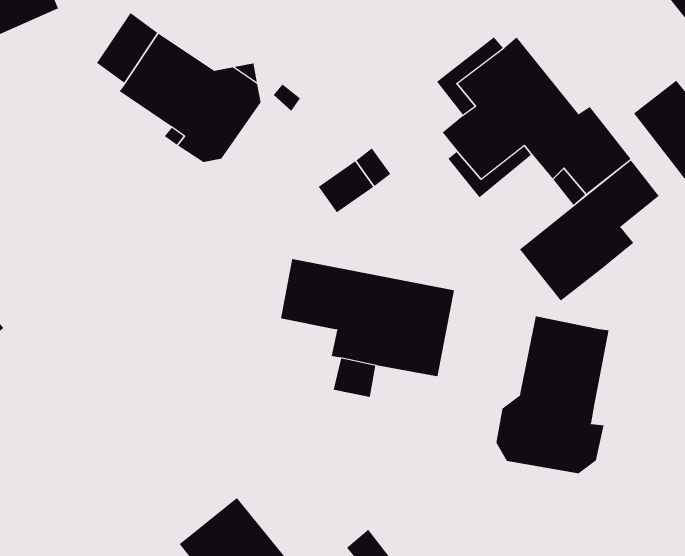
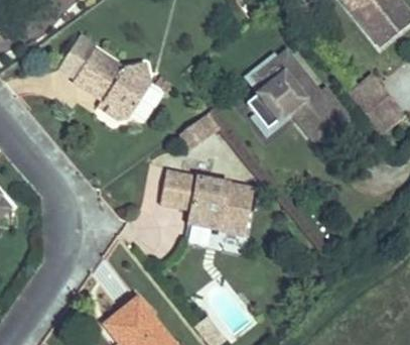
building: [519,160,660,301] -> none
building: [496,315,609,474] -> none

